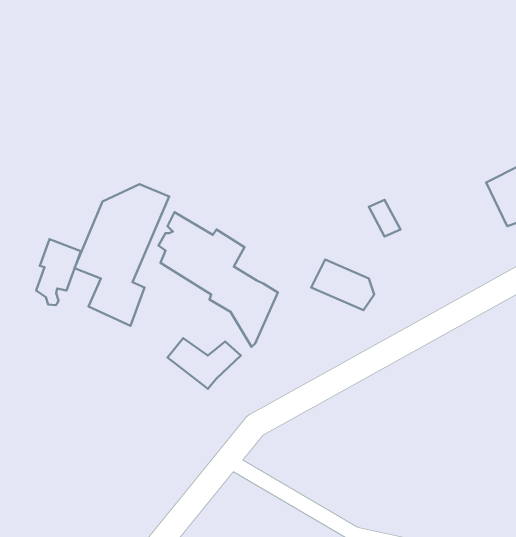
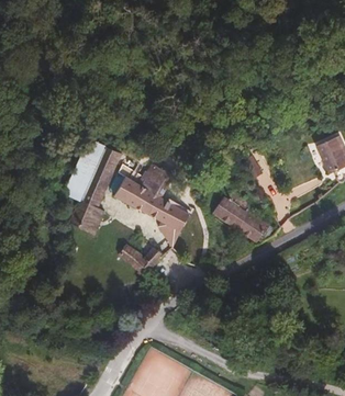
building: [36,239,81,305] -> none
building: none -> [242,205,275,236]

